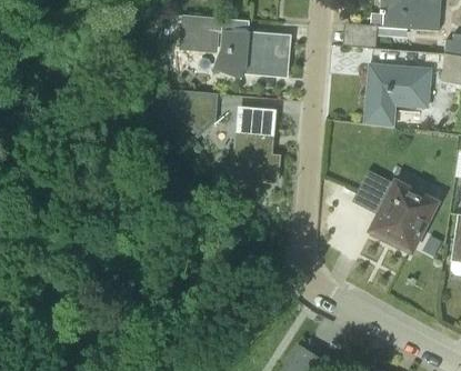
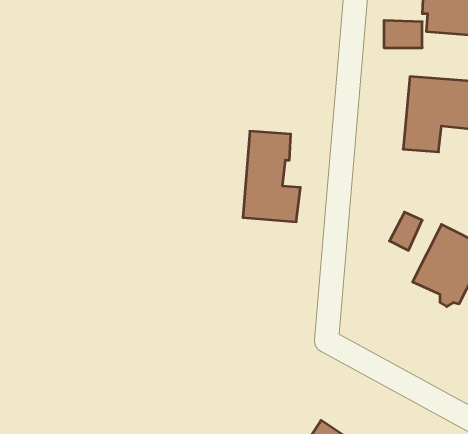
building: [188,16,218,46] -> none
building: [220,32,288,78] -> none
building: [166,94,211,134] -> none

